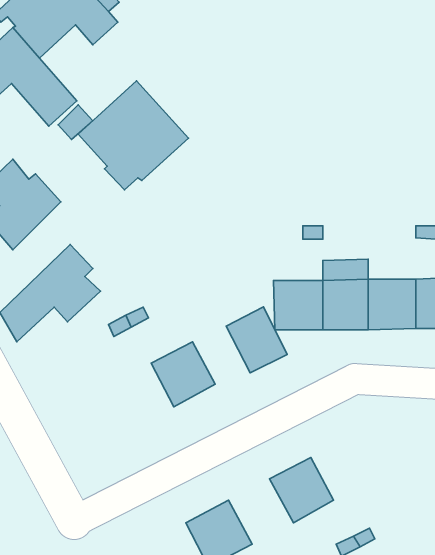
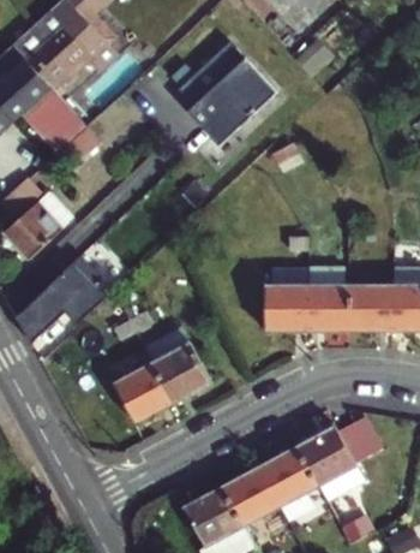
building: [78,81,188,190] -> [175,38,275,137]
building: [226,307,287,373] -> none
building: none -> [113,361,173,421]
building: none -> [296,422,370,500]
building: none -> [222,465,281,524]

